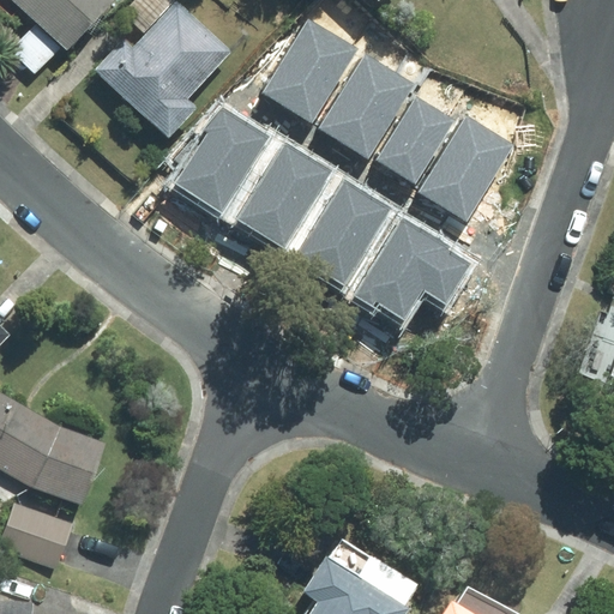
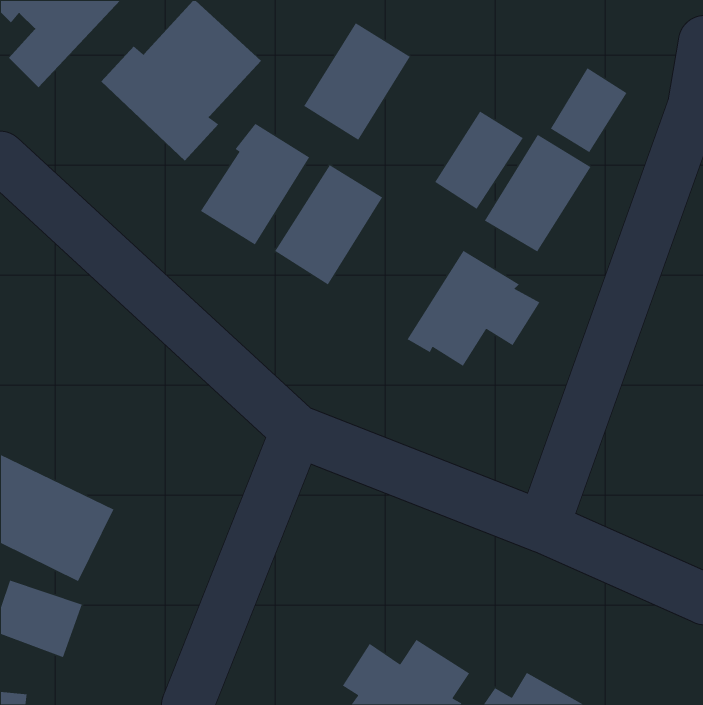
building: [320,55,415,158] -> none
building: none -> [550,67,627,153]
building: [299,180,393,285] -> none

